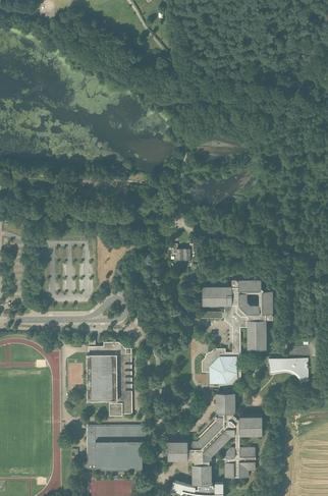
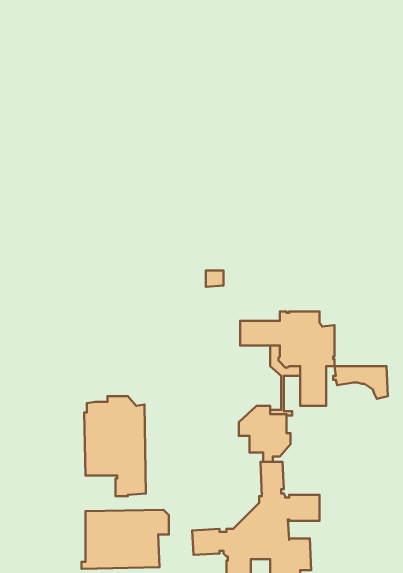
building: [268,359,309,383] -> [333,366,388,399]

